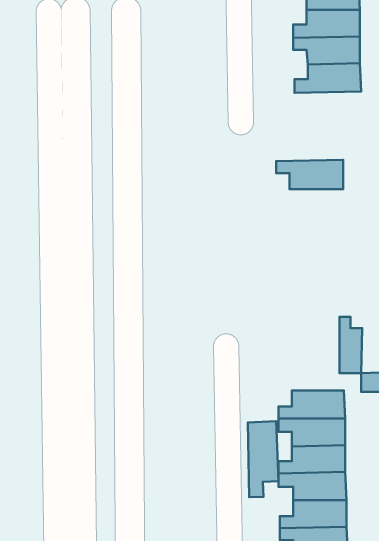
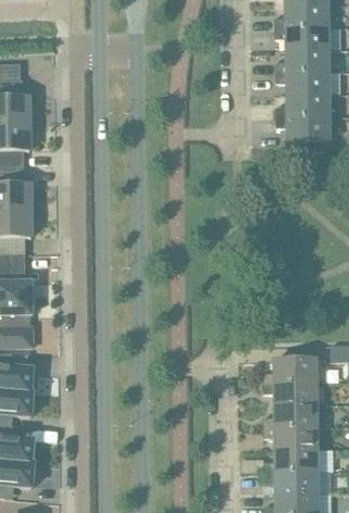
building: [276,160,343,189] -> [276,116,331,140]
building: [340,317,362,373] -> none
building: [248,421,278,497] -> none

